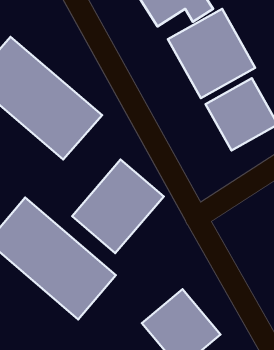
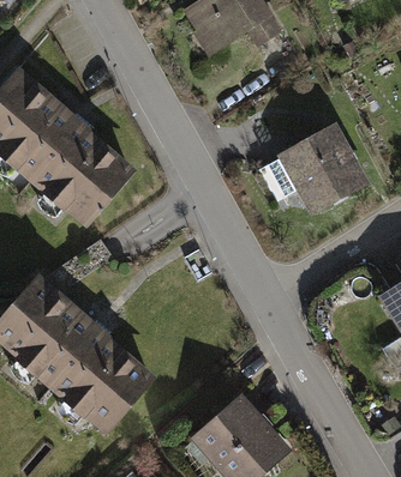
building: [168,9,255,98] -> none
building: [72,159,164,253] -> none

